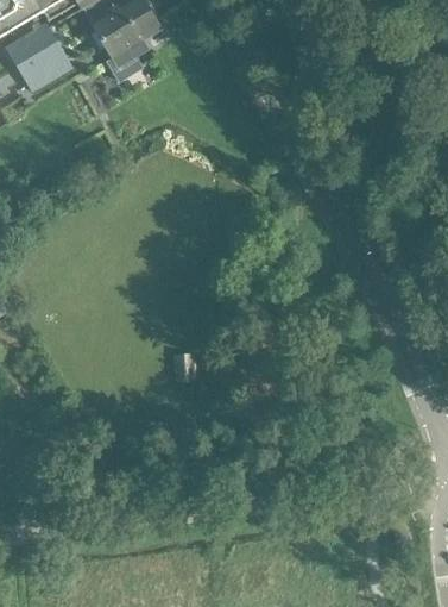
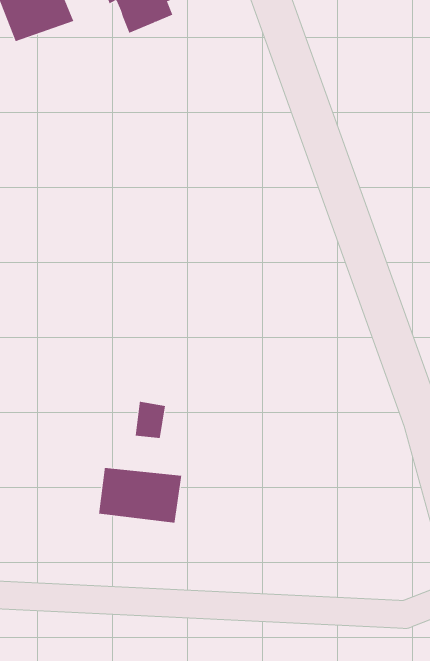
building: none -> [99,467,182,524]

